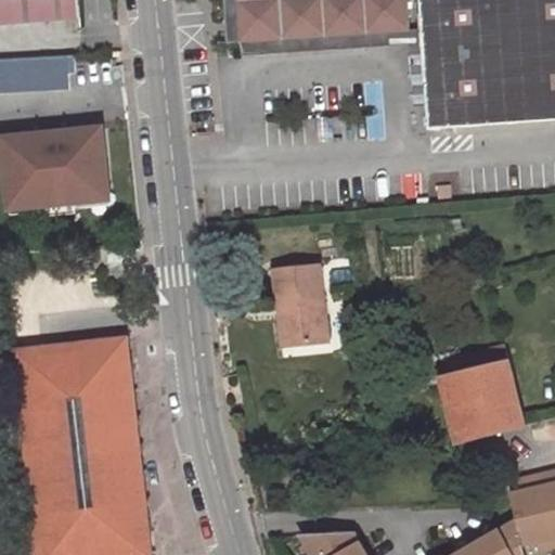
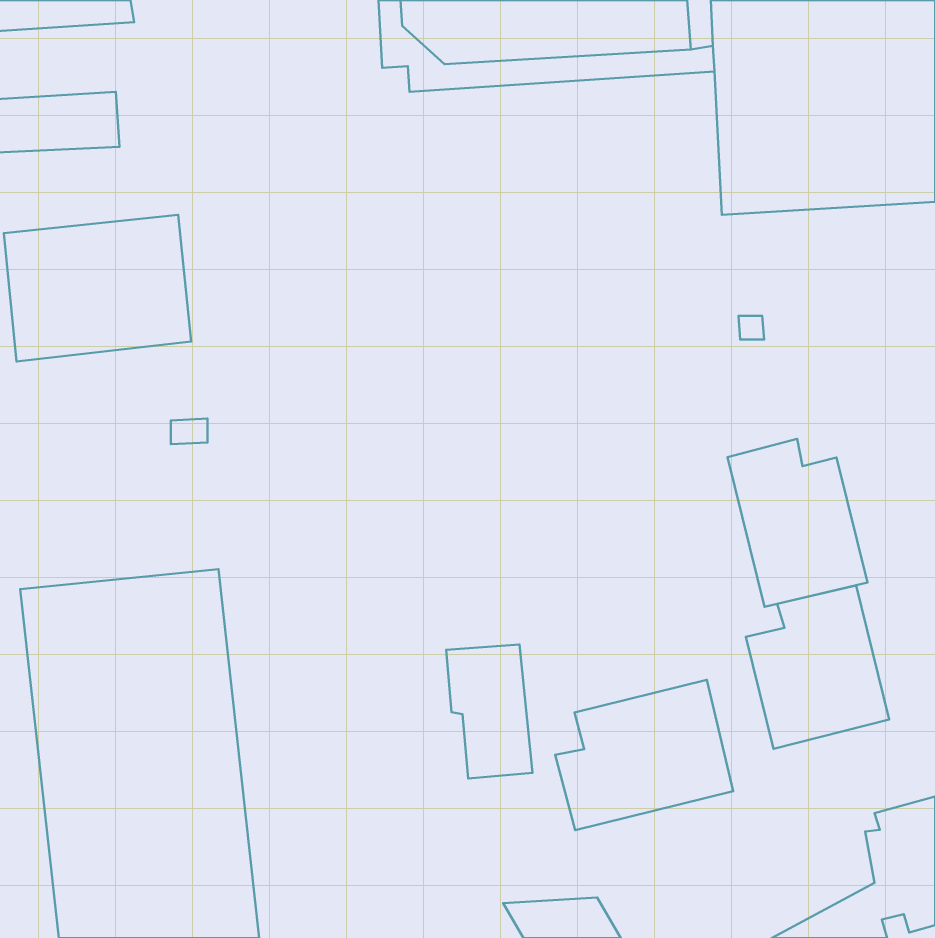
building: none -> [728,439,868,607]
building: [270,263,321,343] -> [446,644,532,778]
building: none -> [555,680,733,830]

